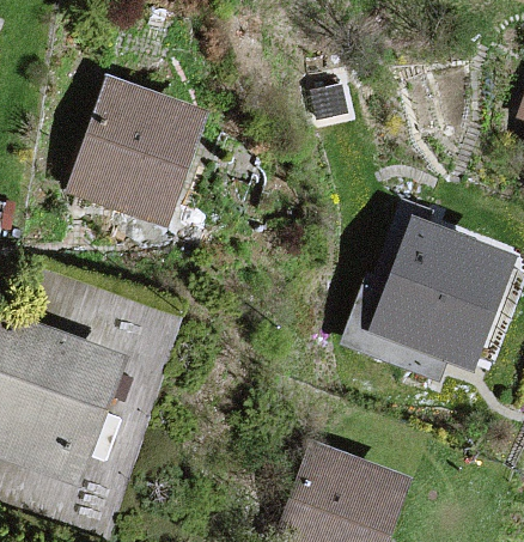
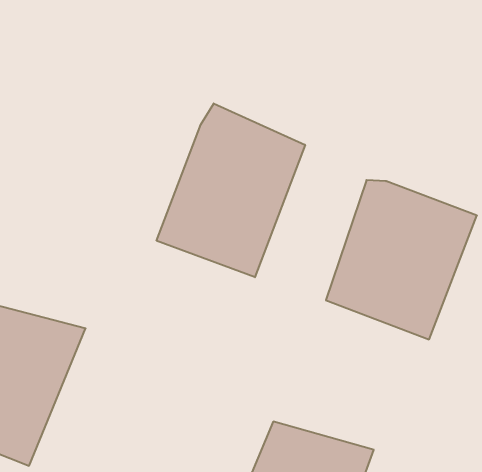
building: [65,80,207,235] -> none
building: none -> [157,103,305,277]

